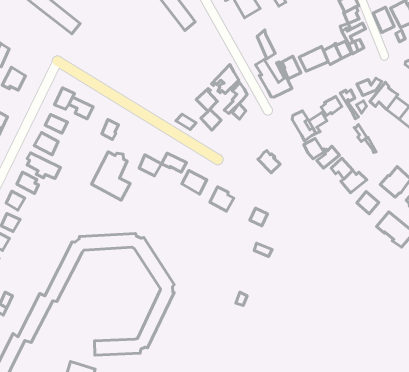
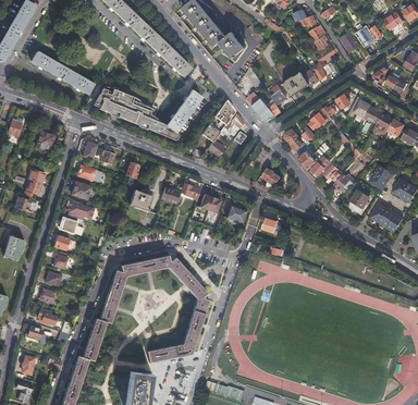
building: none -> [96,88,201,139]

